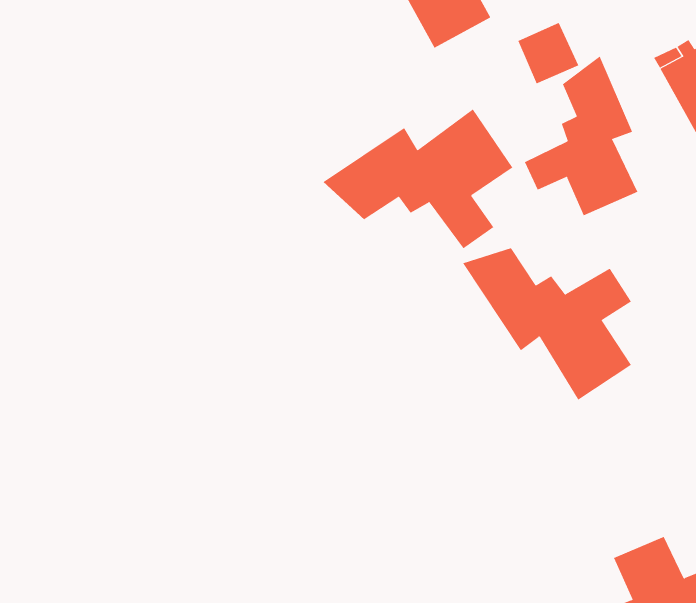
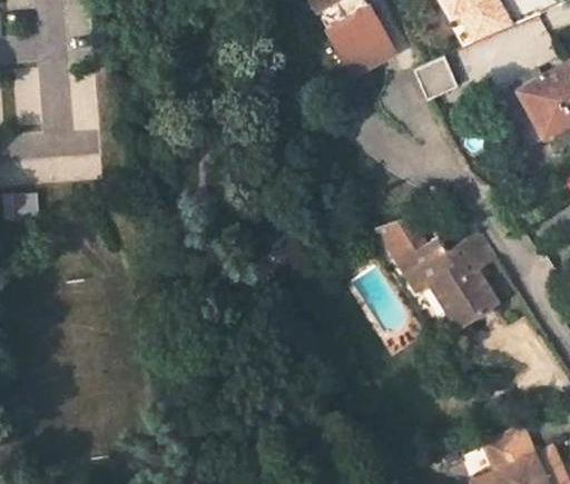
building: [524,55,638,216] -> none
building: [322,108,513,249] -> none

